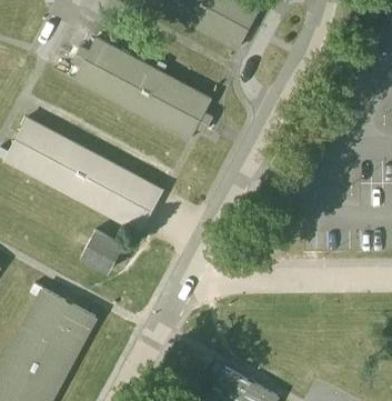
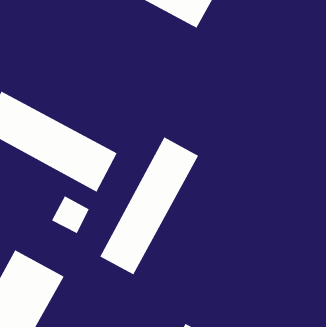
building: [72,39,212,141] -> none
building: none -> [99,136,199,275]

